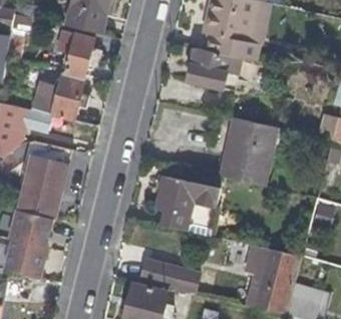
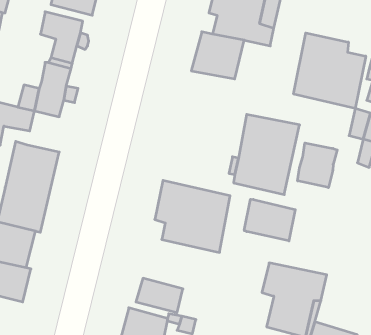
building: none -> [294,33,366,108]
building: none -> [298,143,337,188]
building: none -> [244,199,295,241]

